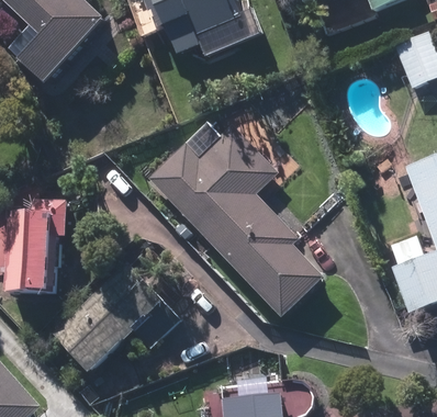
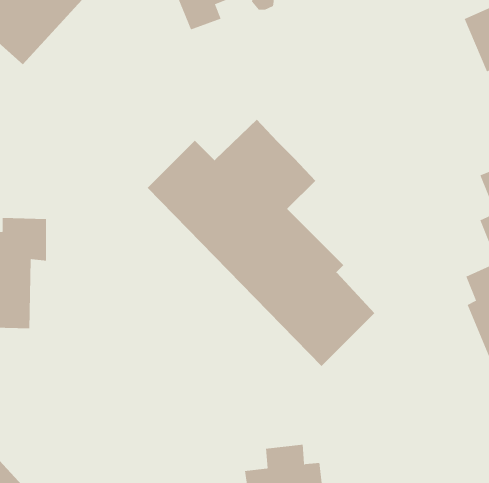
building: [53,264,181,374] -> none

